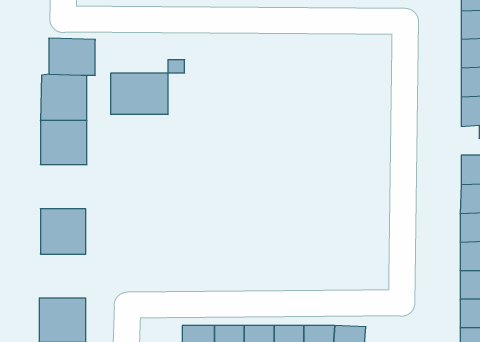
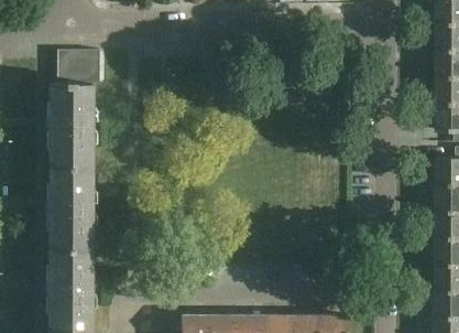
building: [111,73,168,115] -> none
building: none -> [50,166,92,207]
building: none -> [48,249,91,290]

